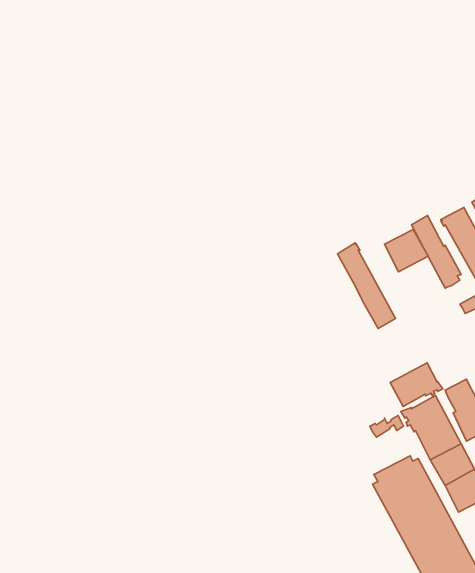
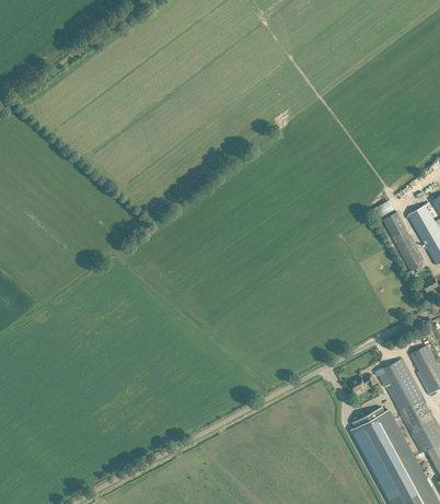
building: [385,230,428,272] -> none
building: [337,243,395,328] -> none
building: [390,363,443,407] -> none

